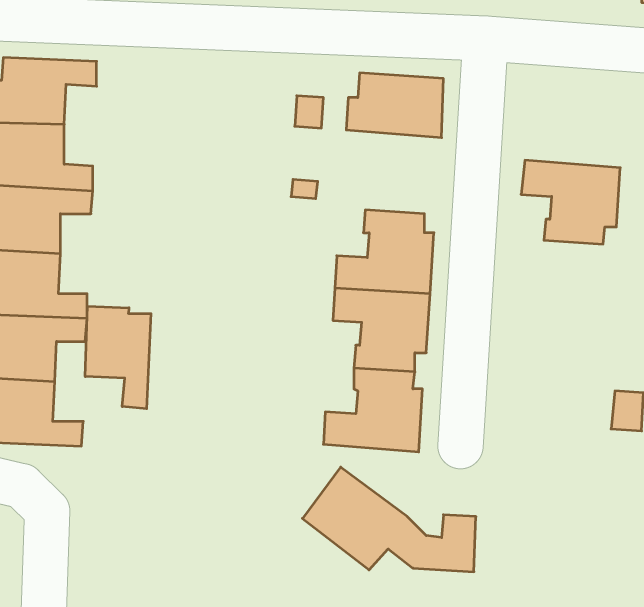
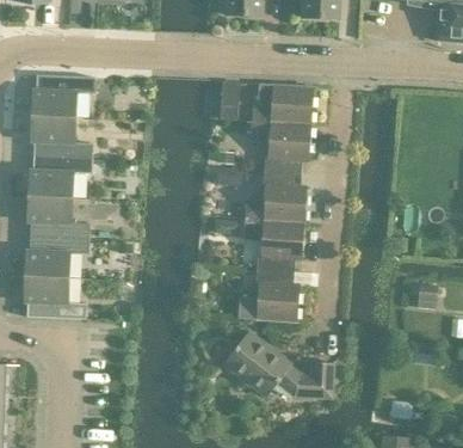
building: [521,160,620,244] -> [248,119,310,172]
building: [85,306,151,409] -> none

